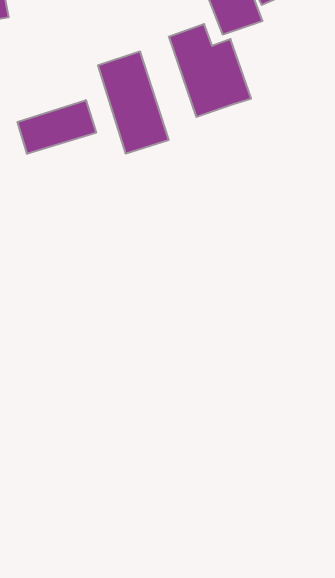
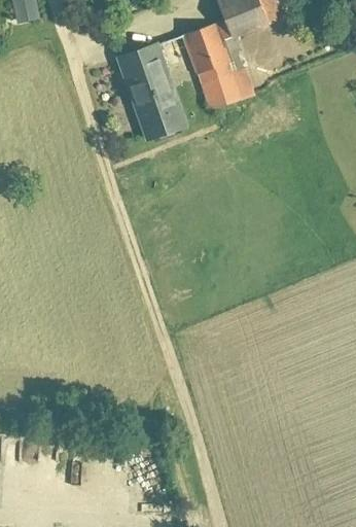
building: [17,100,96,154] -> none

